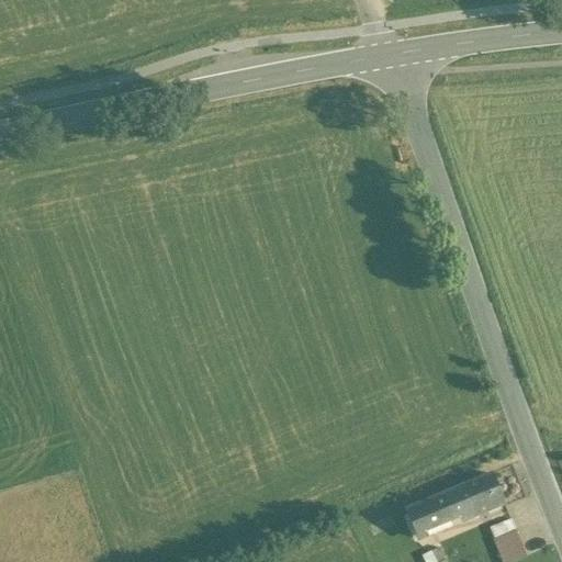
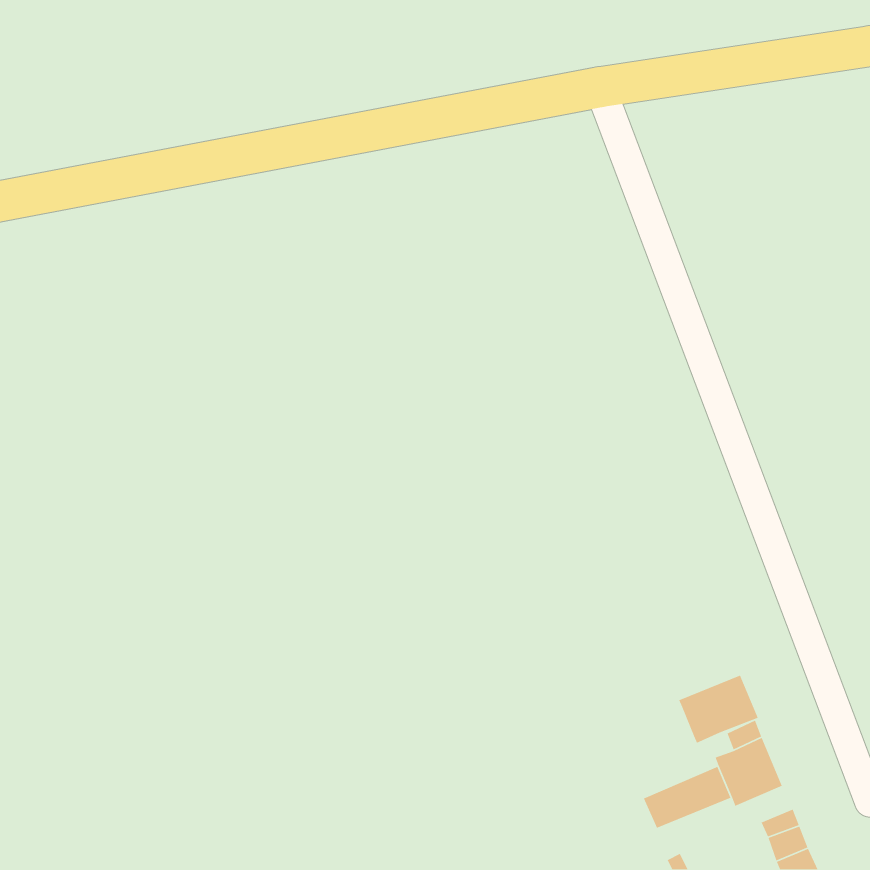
building: none -> [678,674,759,744]

